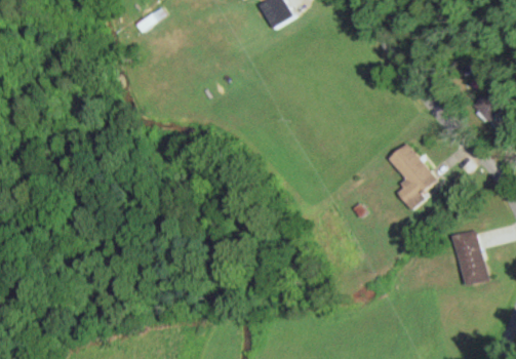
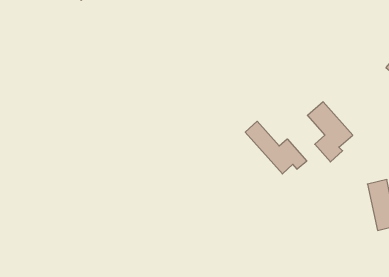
building: none -> [245,121,307,174]

